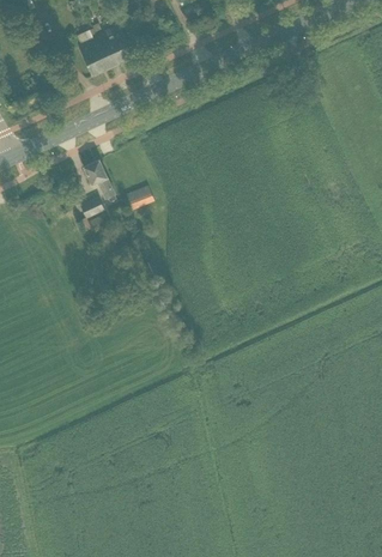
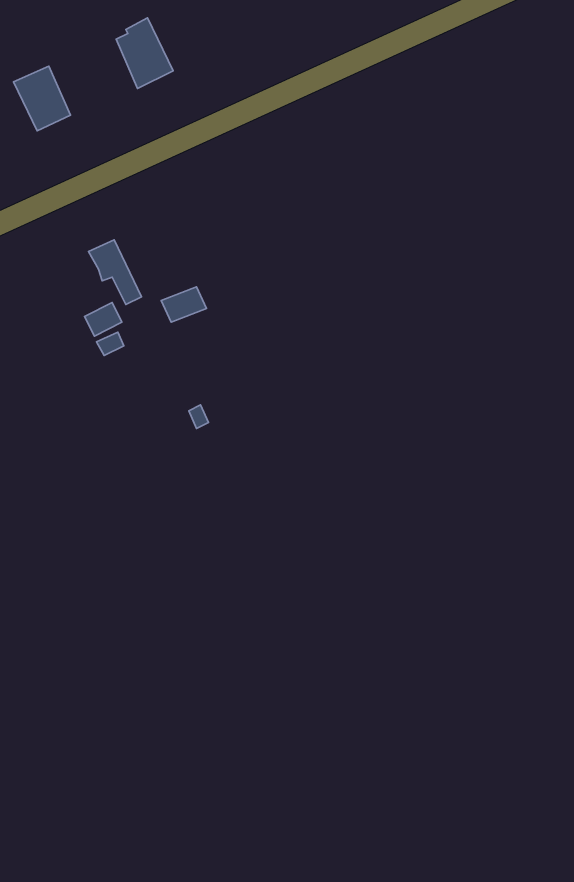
building: [78,37,113,77] -> [14,66,71,131]

